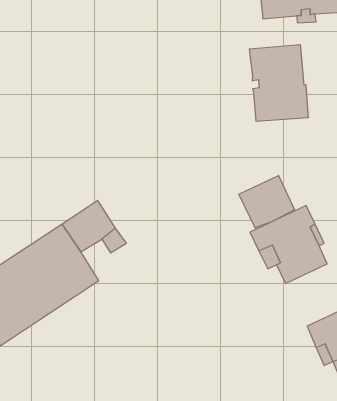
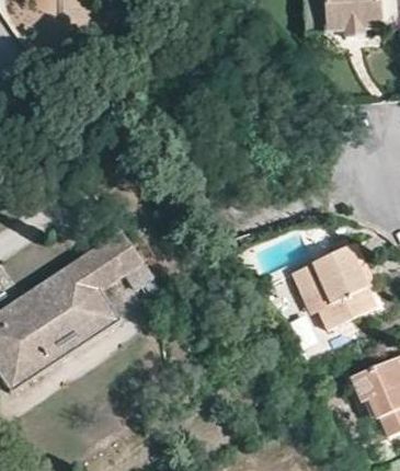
building: [249,45,308,121] -> none
building: [239,175,295,228] -> none

